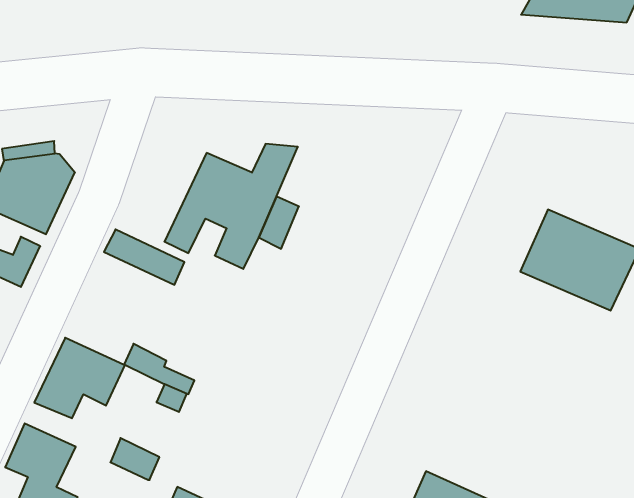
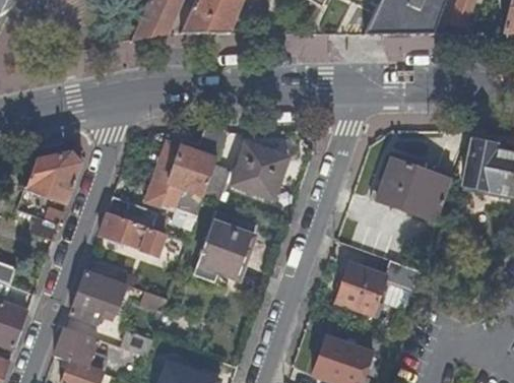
building: none -> [230,143,286,199]
building: none -> [98,211,187,264]
building: none -> [197,222,251,279]
building: none -> [336,259,420,314]

